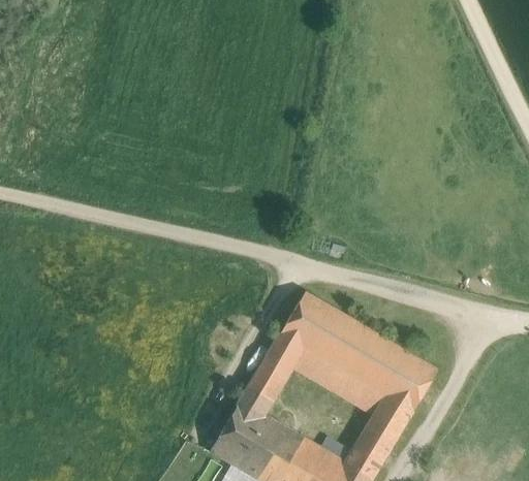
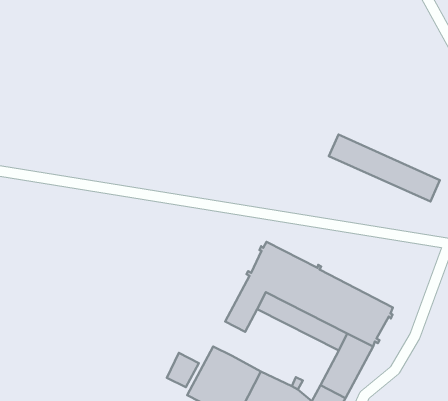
building: none -> [329,135,440,202]
building: [241,375,276,412] -> [167,353,199,387]

